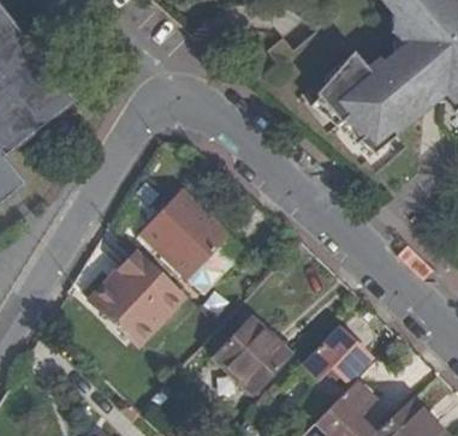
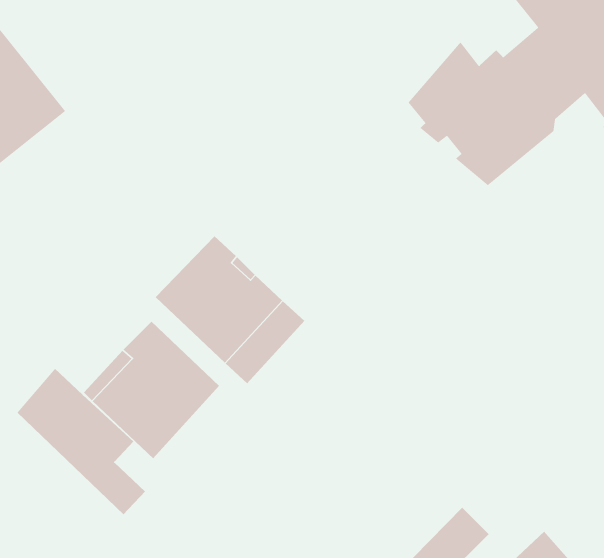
building: none -> [16,368,146,515]
building: [212,315,290,393] -> none
building: [301,324,370,381] -> none

